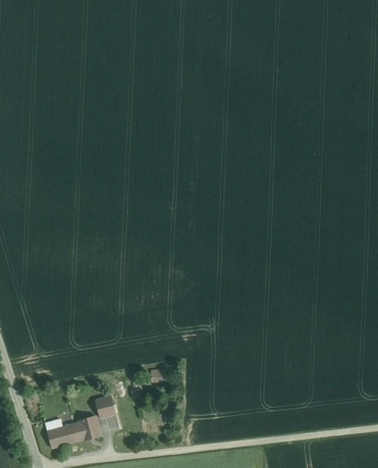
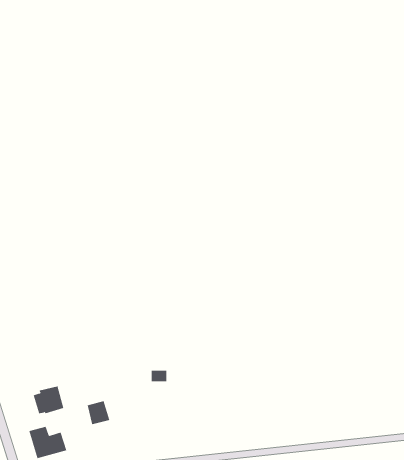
building: [72,416,100,440] -> [33,386,64,414]

